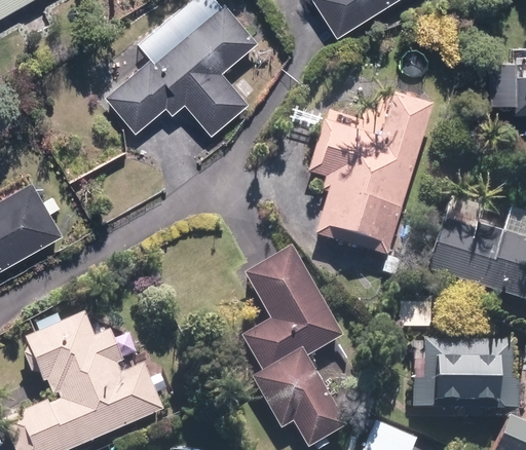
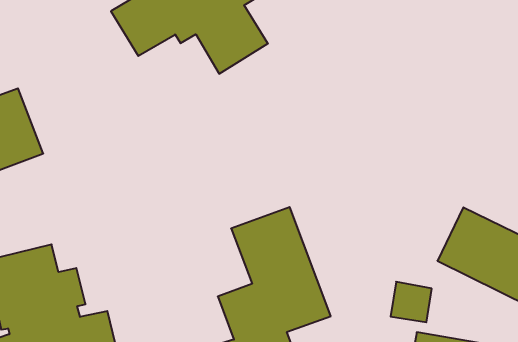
building: [308,92,433,255] -> none

